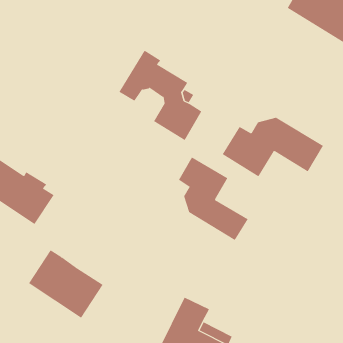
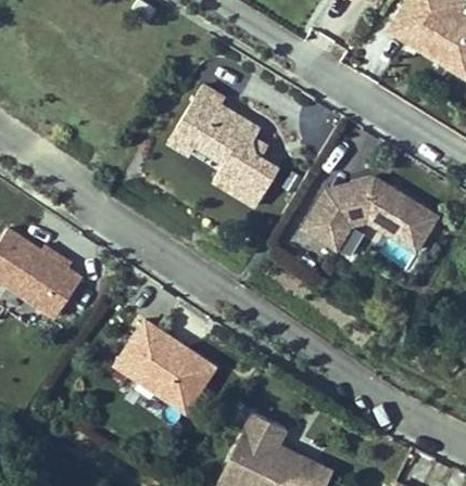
building: [178,157,248,241] -> none
building: [28,250,104,319] -> [115,321,215,412]

